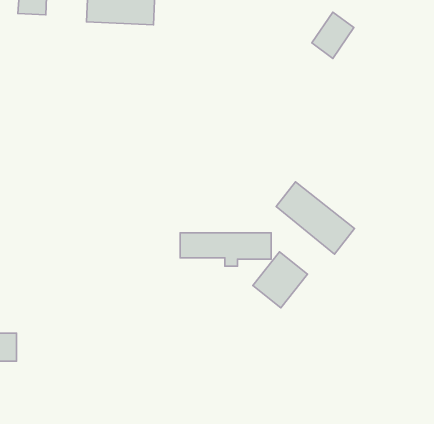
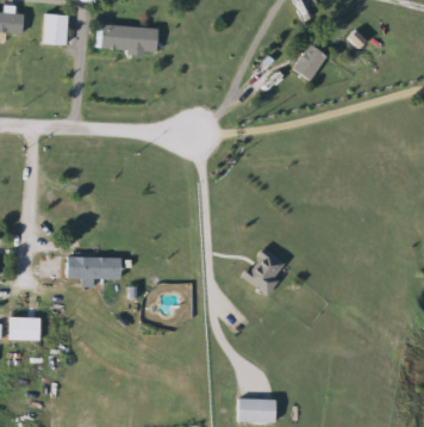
building: [276,182,355,254] -> none
building: [180,233,271,266] -> [44,256,121,285]

